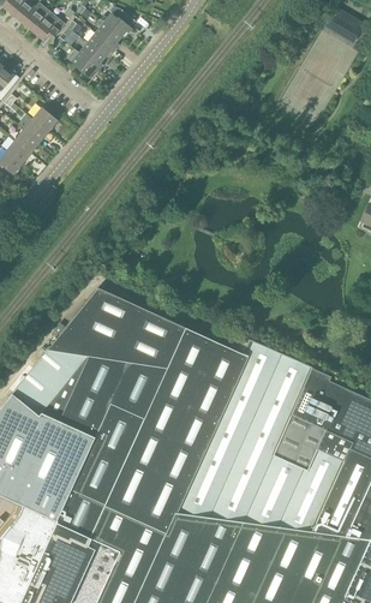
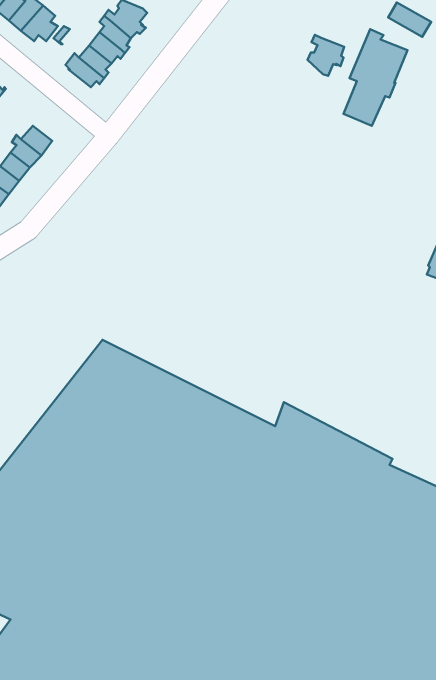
building: none -> [307,35,344,76]

